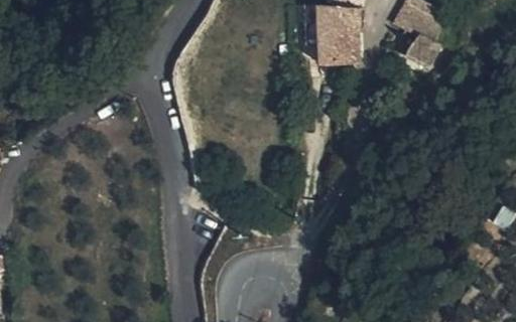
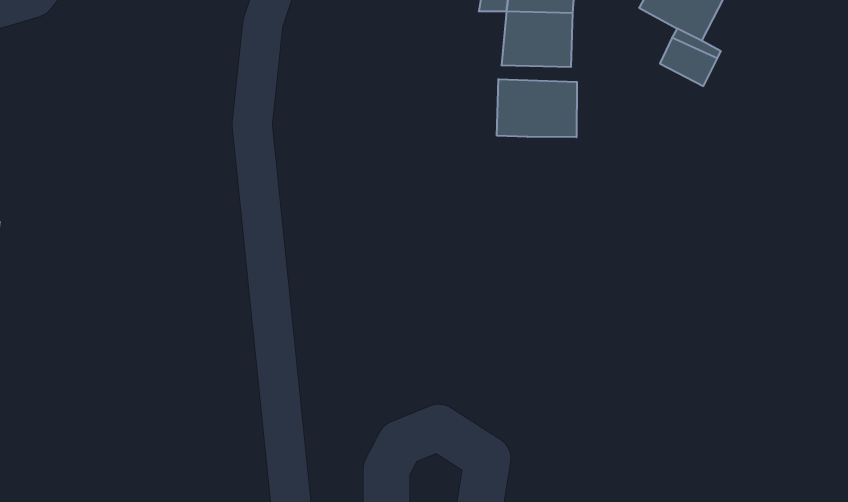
building: none -> [497,79,577,137]

